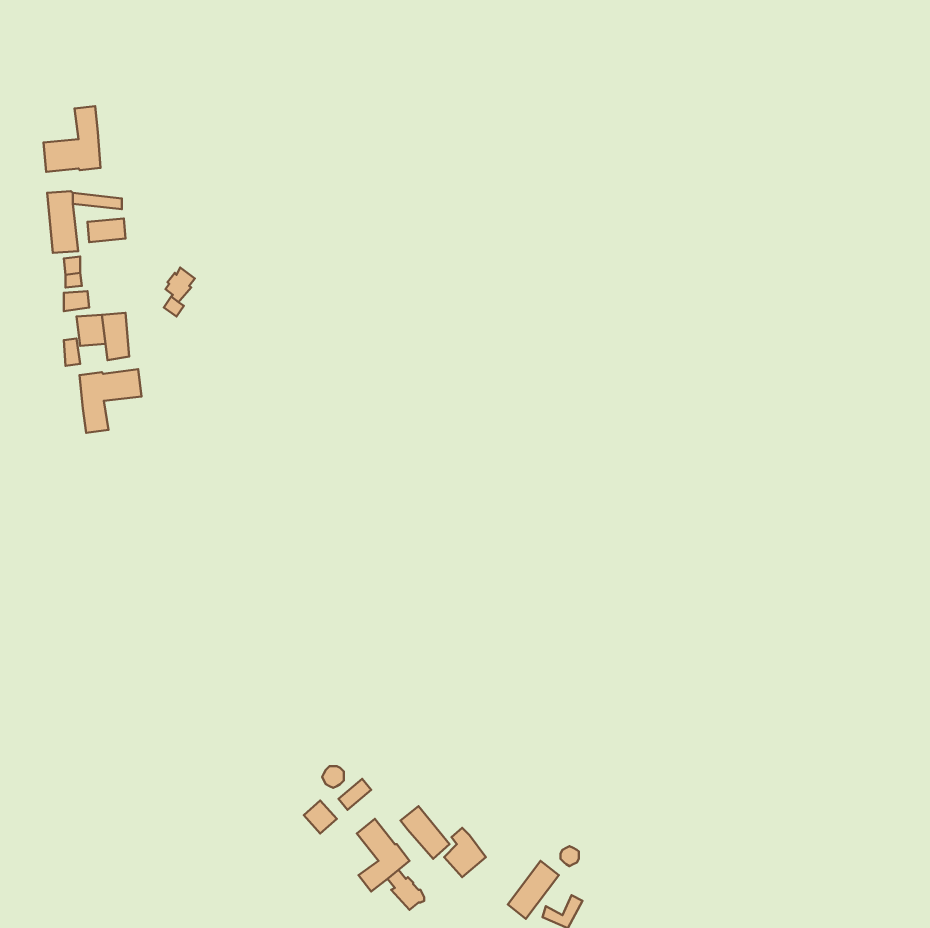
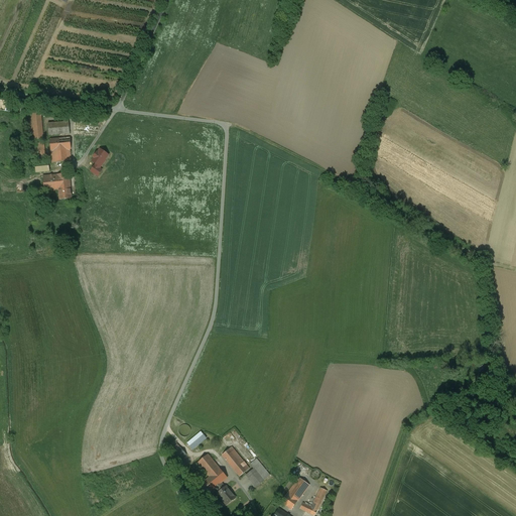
building: [43,106,100,172] -> none
building: none -> [49,137,71,162]
building: [80,369,141,433] -> none

